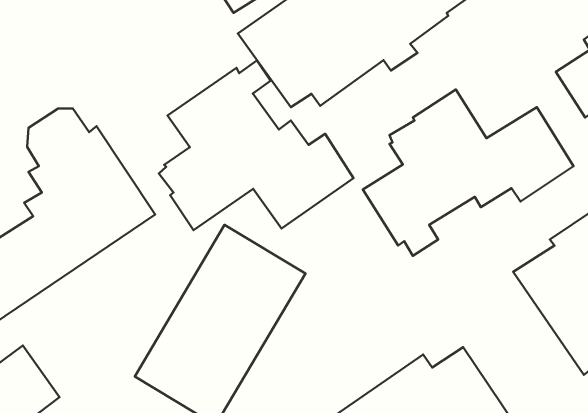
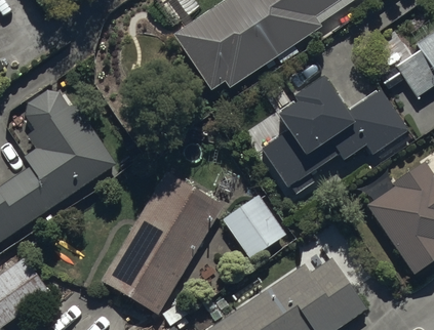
building: [159,61,354,230] -> none
building: none -> [222,193,286,258]

